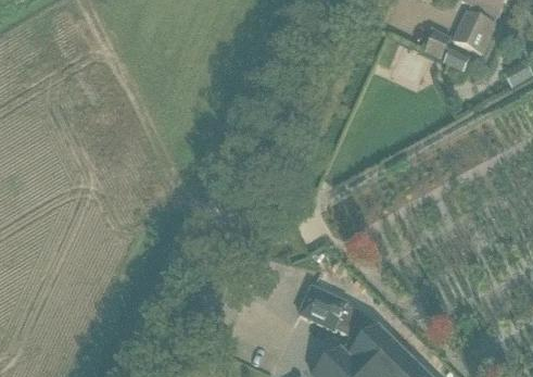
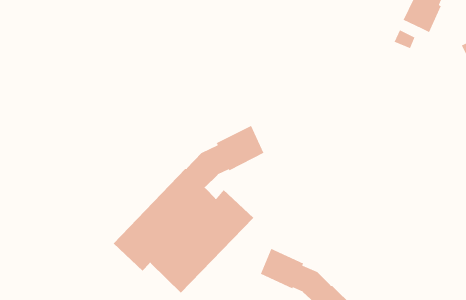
building: none -> [113,125,265,293]

